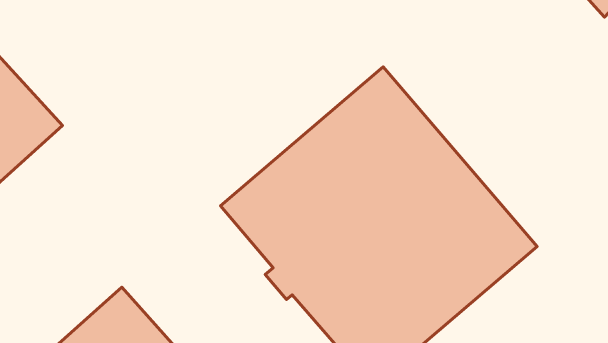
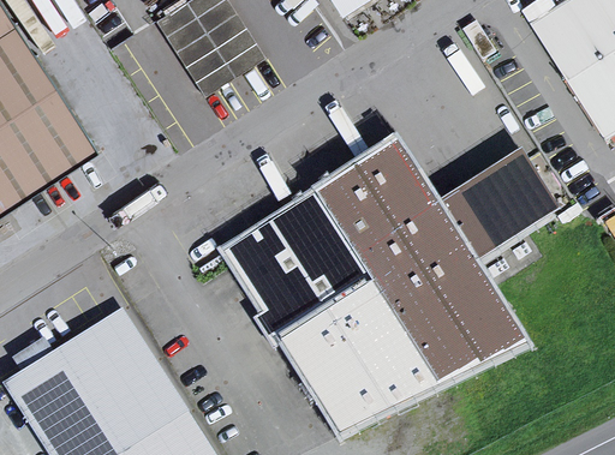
building: none -> [441,152,555,258]

